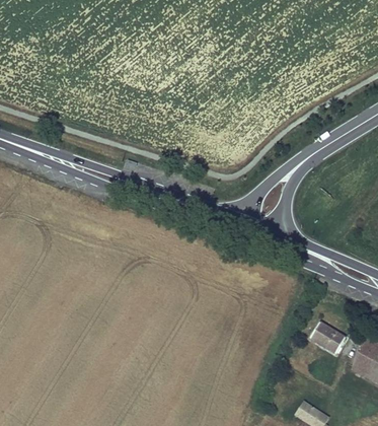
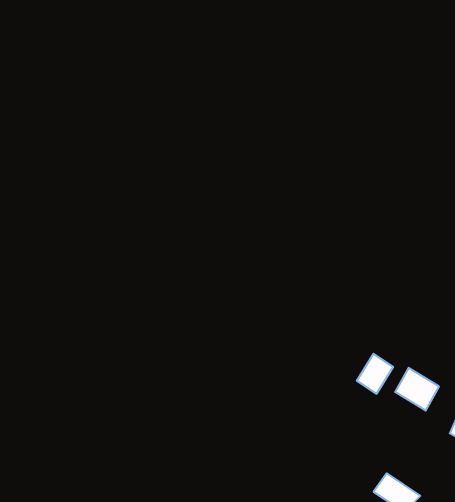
building: none -> [357,354,393,394]

